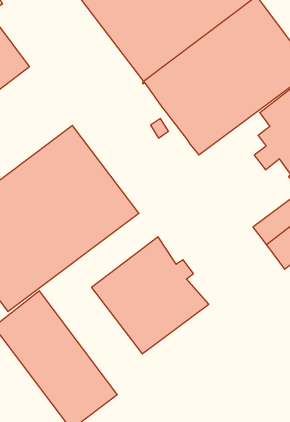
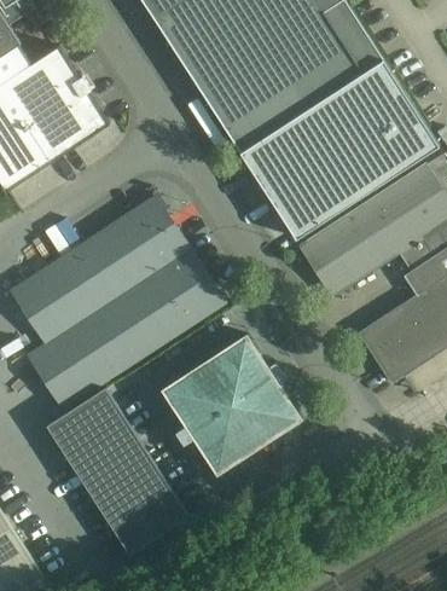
building: none -> [301,196,385,292]

